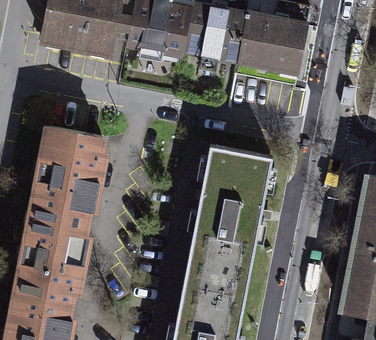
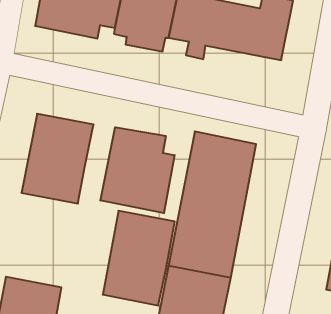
building: none -> [100,127,175,213]
building: [15,209,89,306] -> [103,211,175,305]

